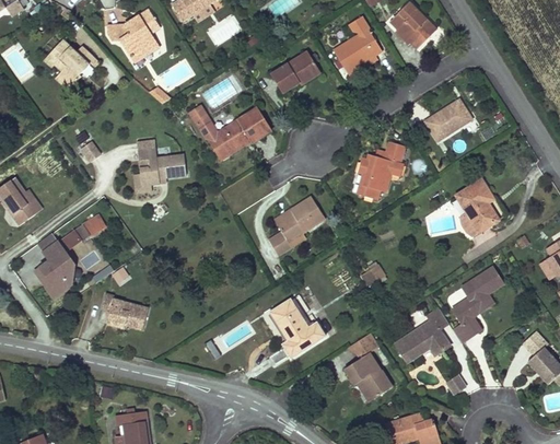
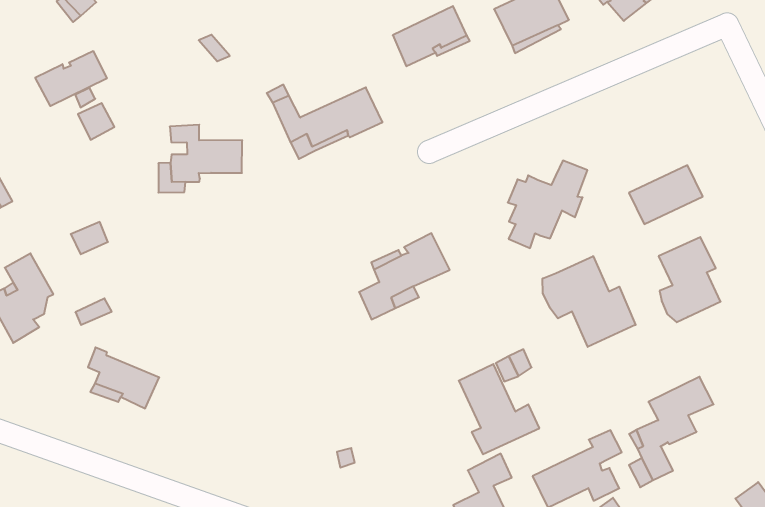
building: [424,100,471,140] -> [629,165,703,224]
building: none -> [35,51,107,106]
building: none -> [543,256,636,347]
building: [270,299,325,357] -> [459,364,539,454]

